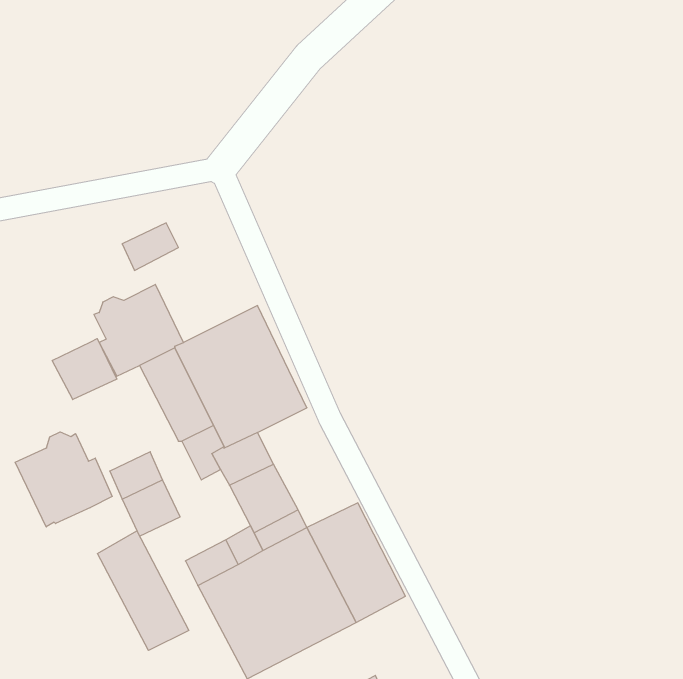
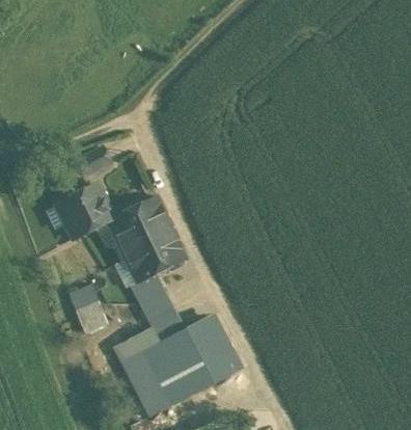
building: [52,339,117,400] -> none
building: [15,432,112,527] -> none
building: [97,531,189,650] -> none

